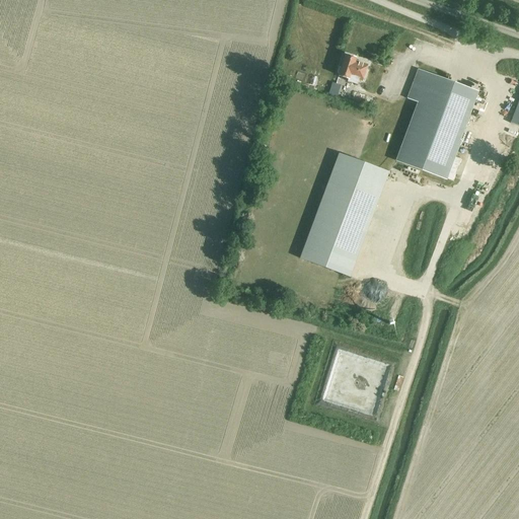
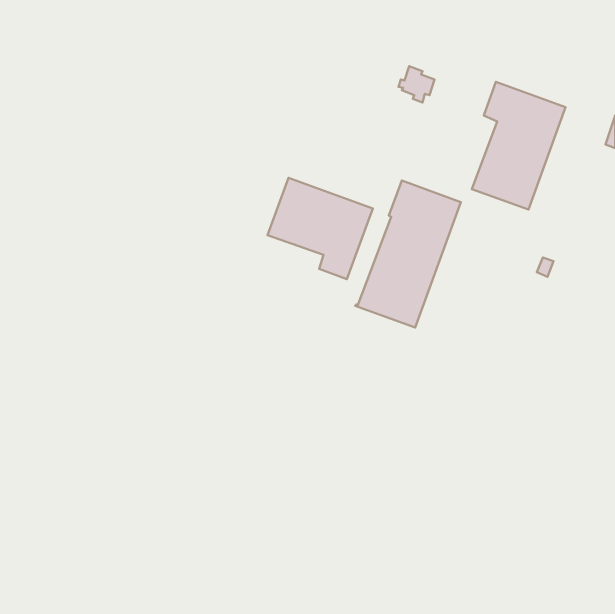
building: none -> [267,178,373,279]

